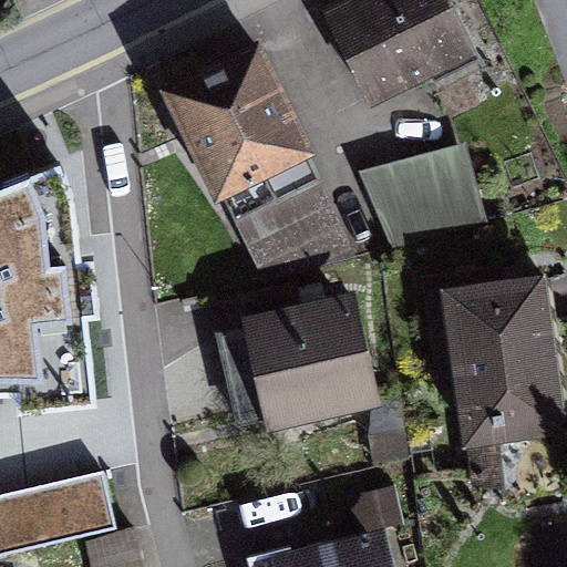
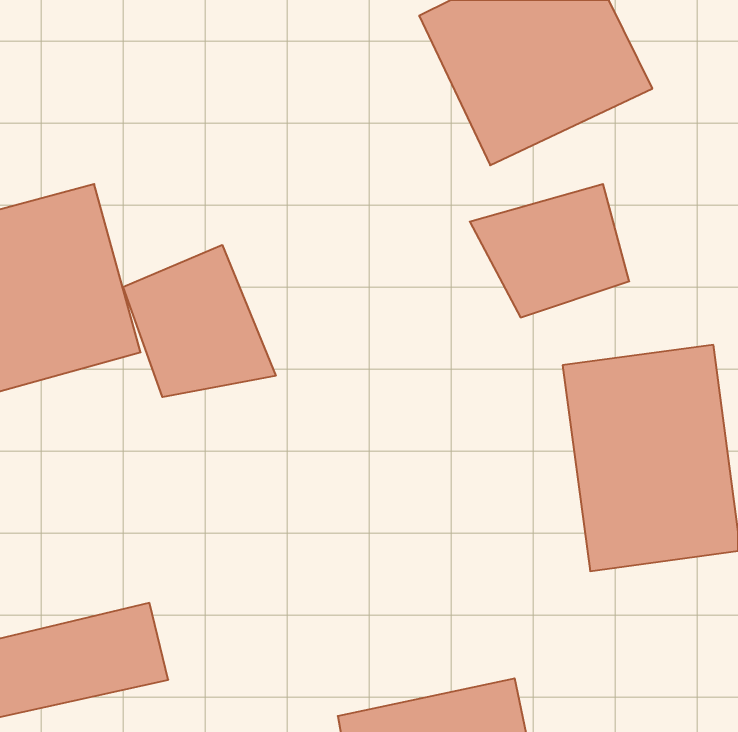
building: [161,48,343,281] -> none
building: none -> [123,245,276,397]
building: [236,297,382,440] -> none

